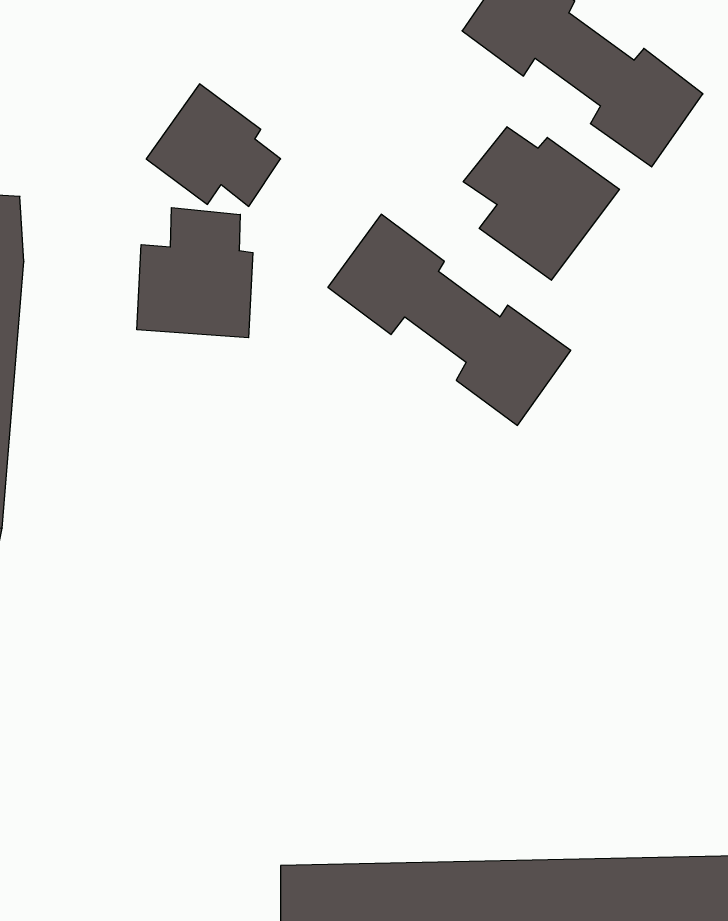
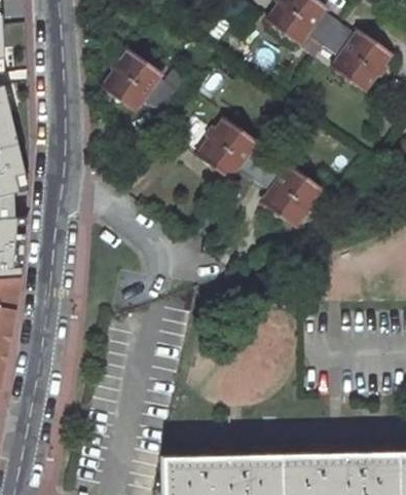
building: [463,127,619,280] -> none
building: [137,208,253,338] -> none

